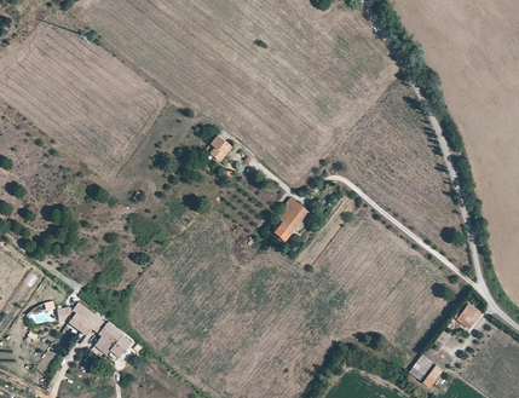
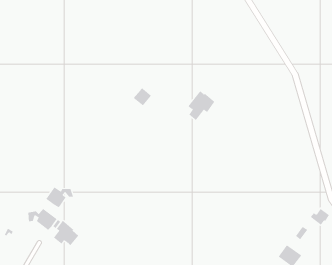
building: [272,198,311,241] -> [188,91,215,121]
building: none -> [45,187,74,208]

